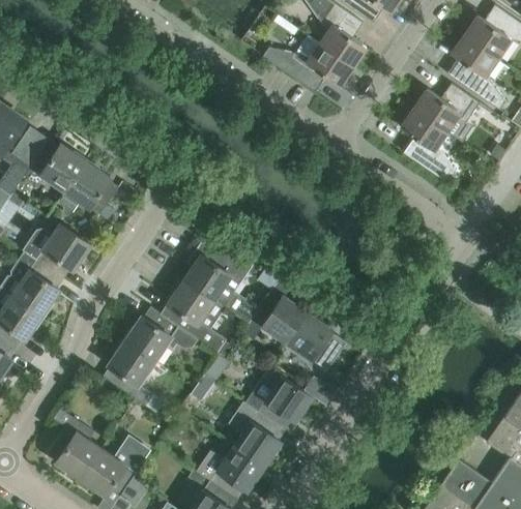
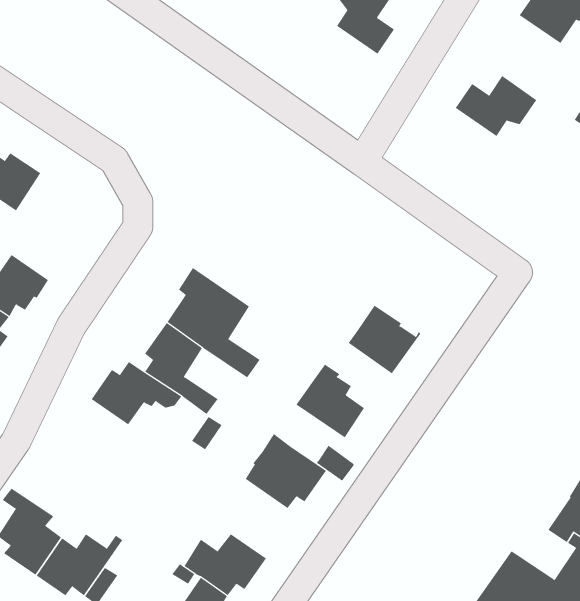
building: [263,36,353,92] -> none
building: [447,36,505,111] -> none
building: [401,110,456,183] -> none
building: [59,161,119,215] -> none
building: [253,290,311,345] -> [348,305,421,374]
building: [108,340,155,407] -> none
building: [230,401,282,467] -> none

